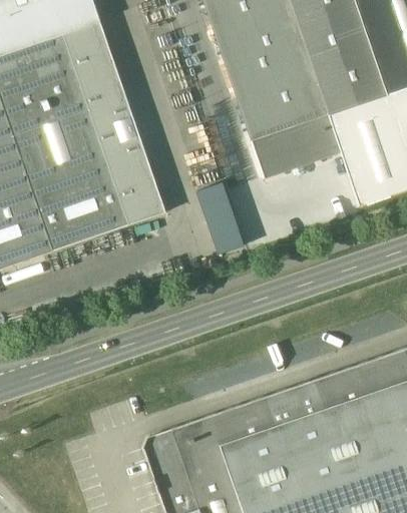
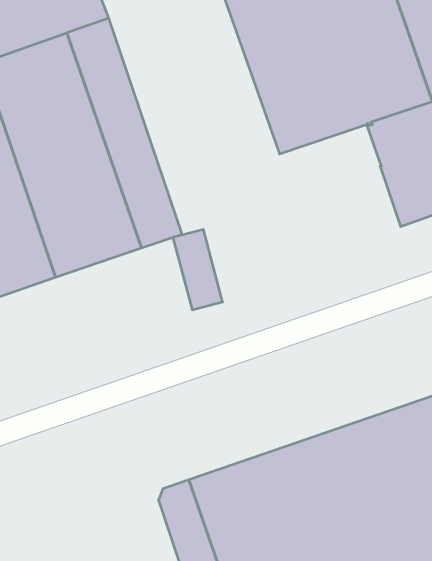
building: [252,116,342,179] -> none
building: [197,183,242,254] -> [173,229,223,310]

